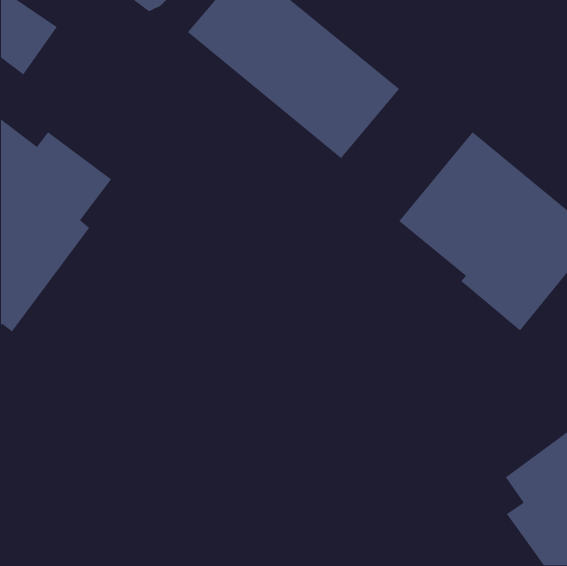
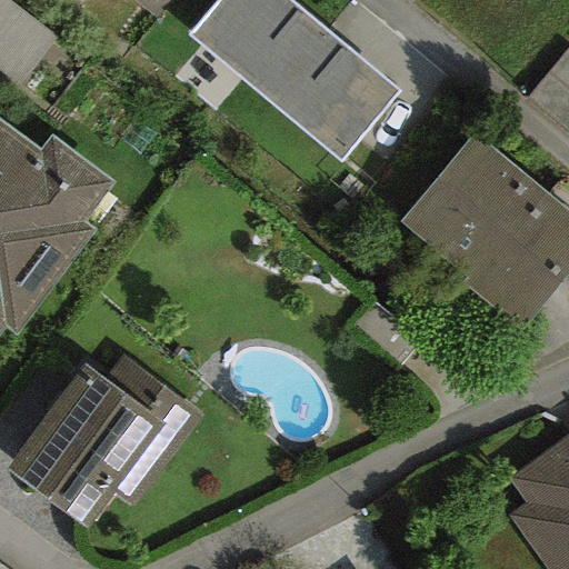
building: none -> [6,355,201,528]

